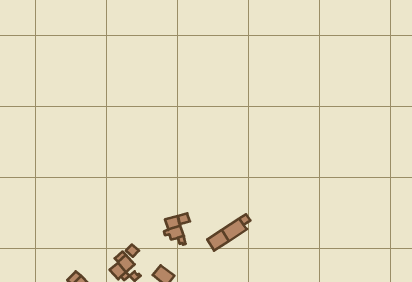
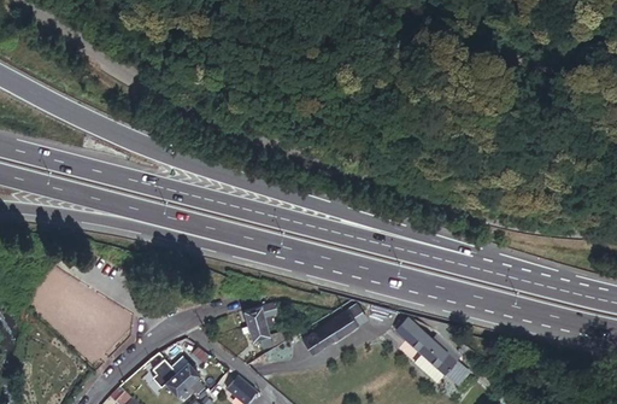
building: none -> [407,328,456,375]

